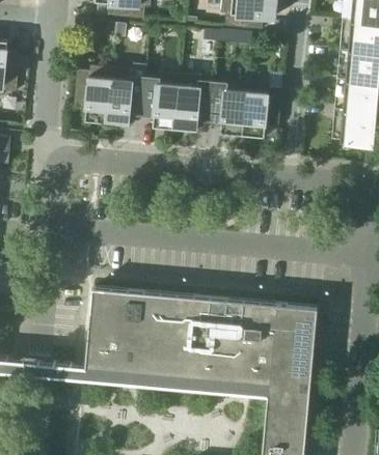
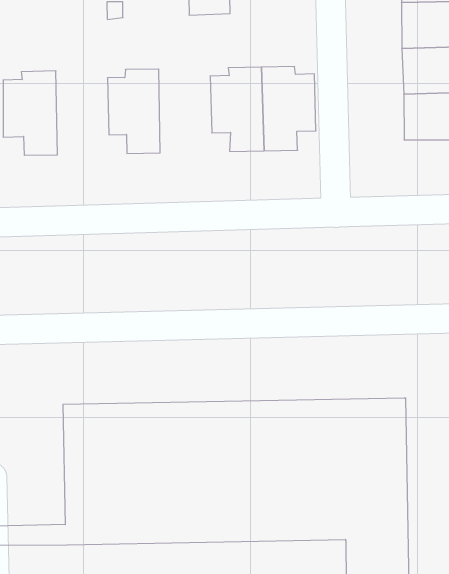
building: [107,62,146,125] -> none
building: [174,75,213,132] -> none

